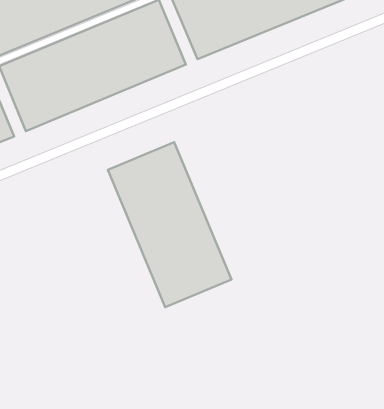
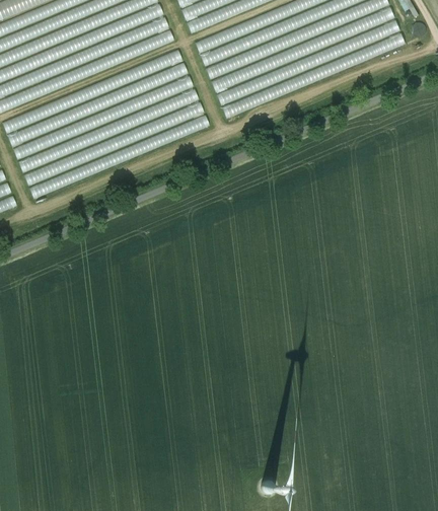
building: [108,142,232,307] -> none

